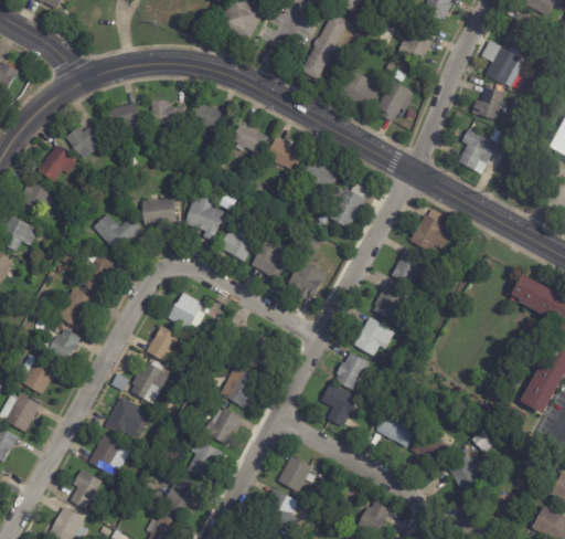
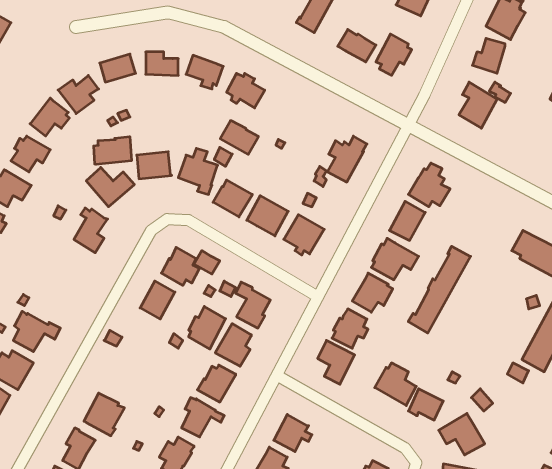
building: [266,137,303,170] -> [220,121,258,154]
building: [300,157,339,193] -> none
building: none -> [94,137,131,164]
building: [58,288,95,328] -> none
building: none -> [408,246,471,333]
building: [46,328,81,364] -> none
building: [131,361,168,403] -> [189,306,226,349]
building: [105,397,145,436] -> none

